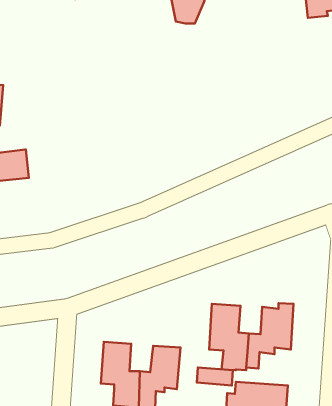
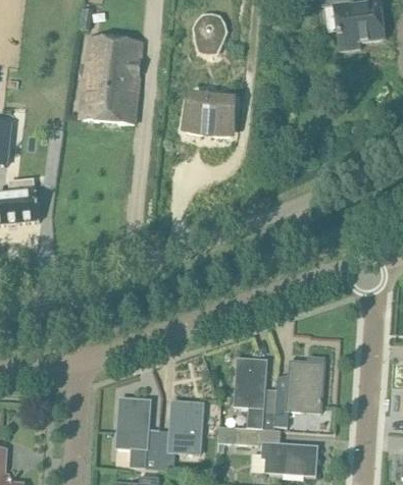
building: none -> [79,36,141,122]
building: none -> [181,92,236,138]

